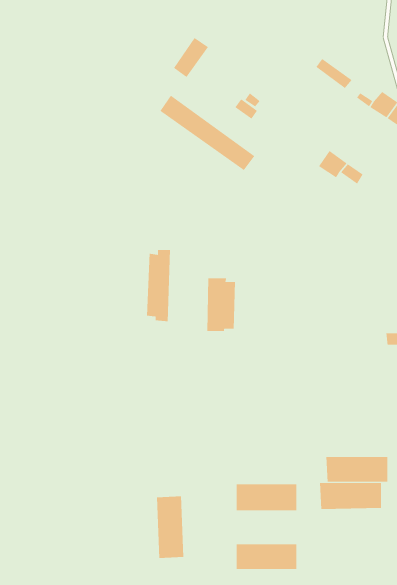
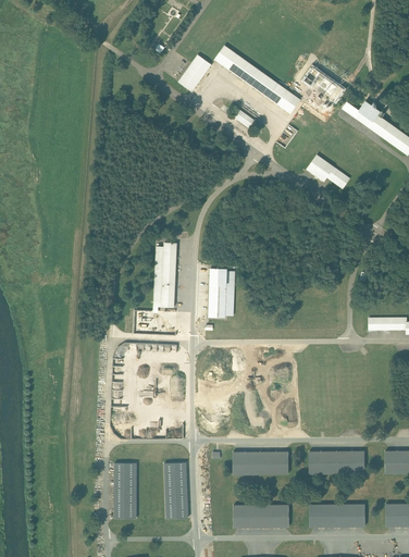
building: [159,95,255,171] -> [214,46,299,113]
building: [326,457,388,482] -> [310,505,365,528]
building: none -> [114,462,137,517]

